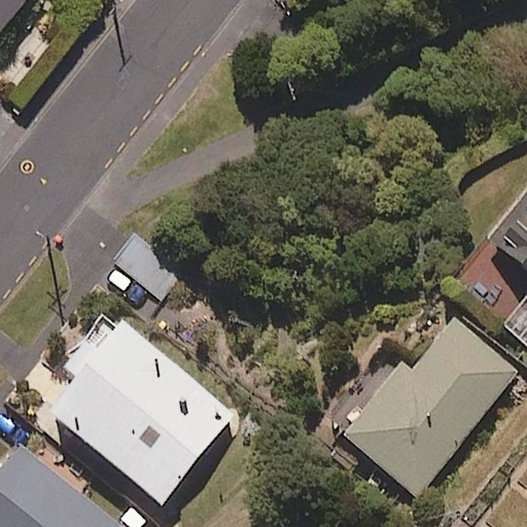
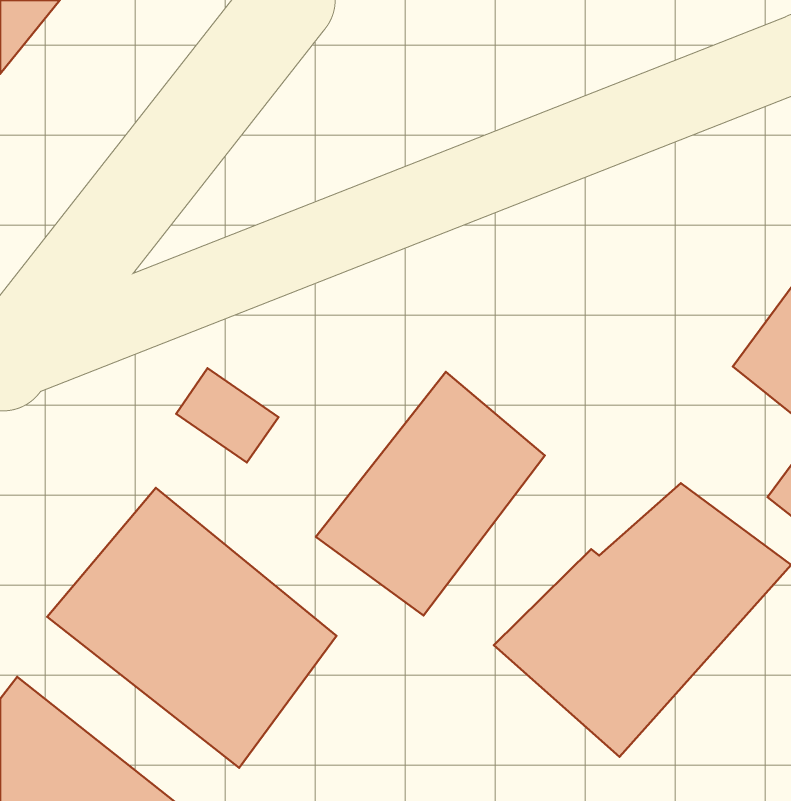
building: none -> [316,372,545,616]

